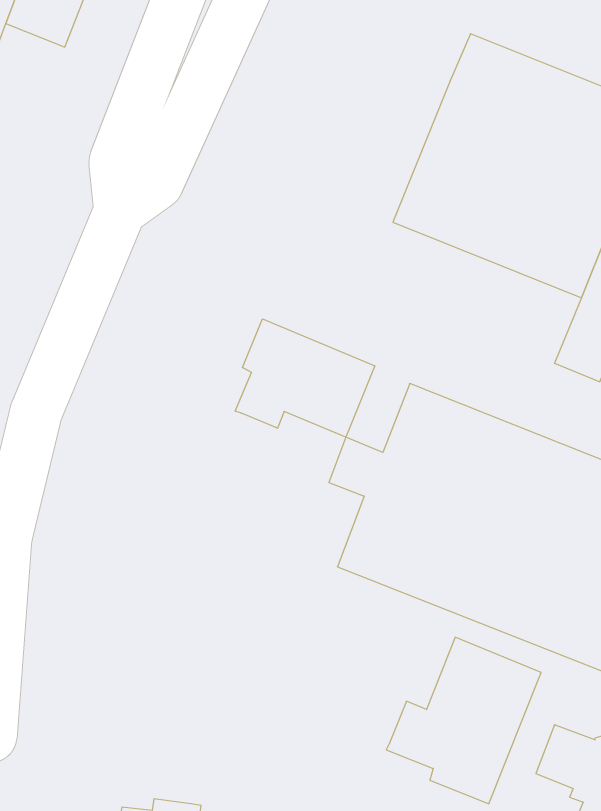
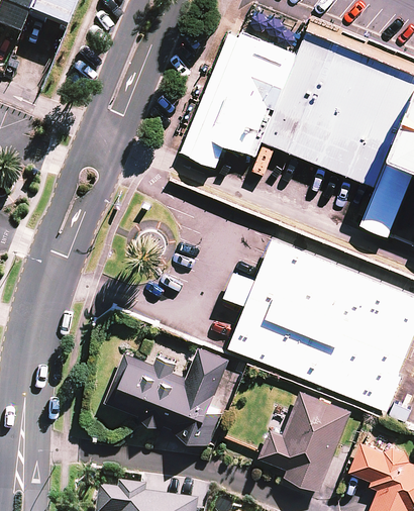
building: none -> [181,32,297,167]
building: [235,319,375,437] -> none
building: none -> [105,346,228,443]

